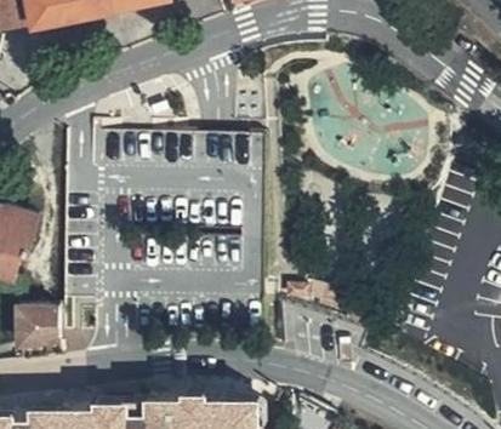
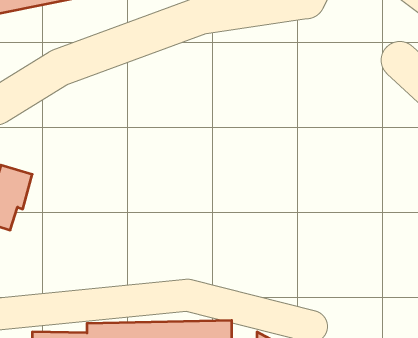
building: [17,308,61,362] -> none

